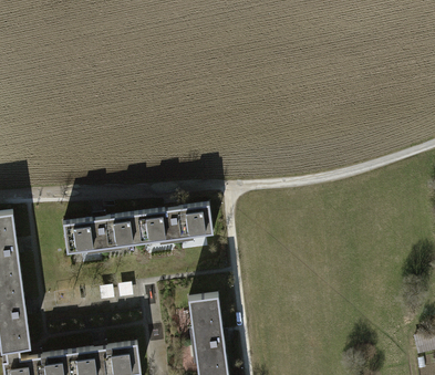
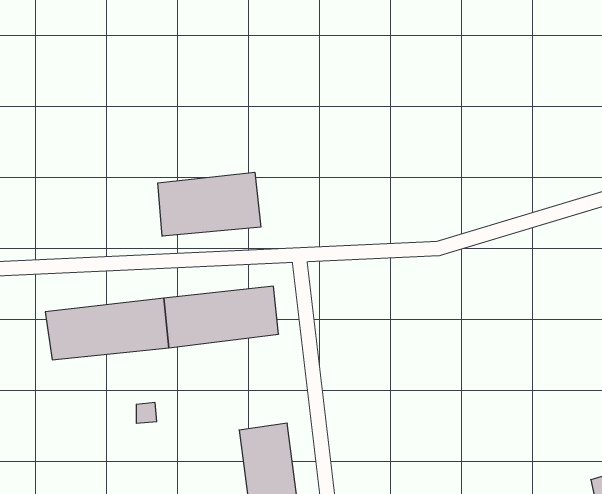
building: none -> [158,172,261,236]

